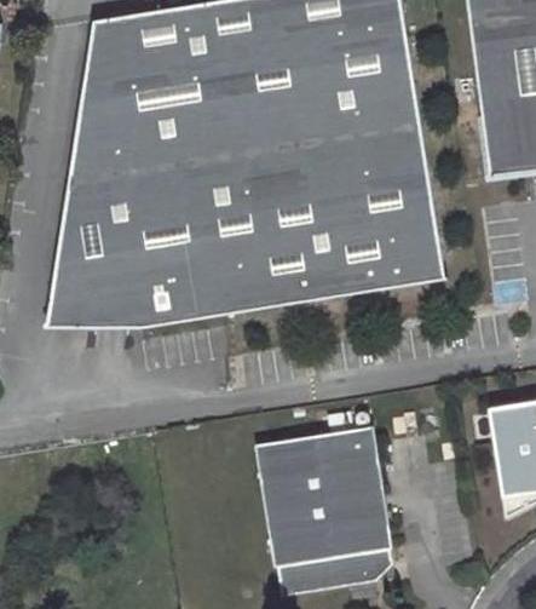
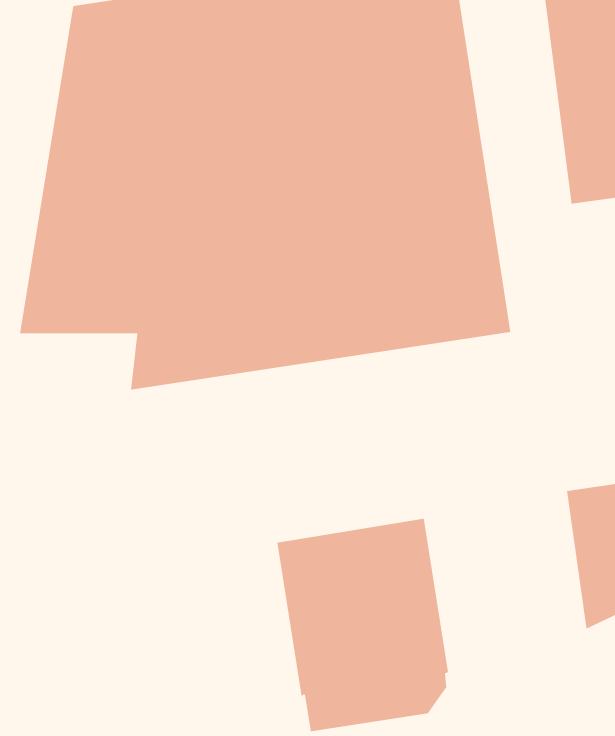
building: [45,281,145,326] -> none

